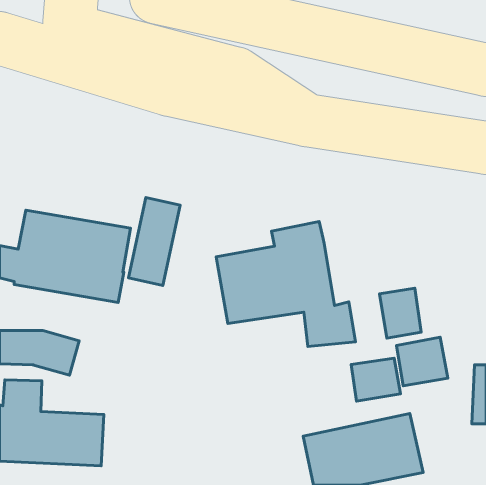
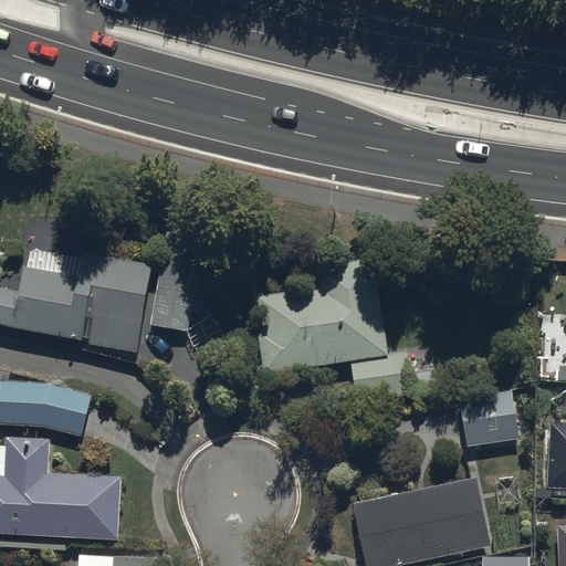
building: [379,288,421,338] -> none
building: [351,358,400,401] -> none

